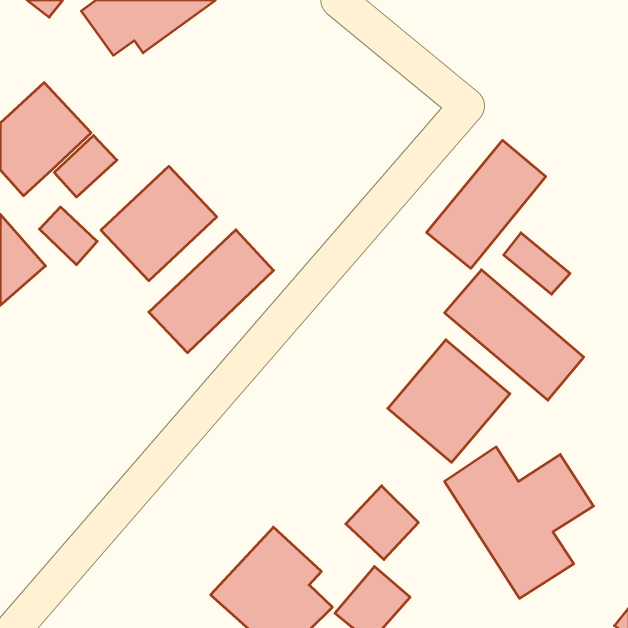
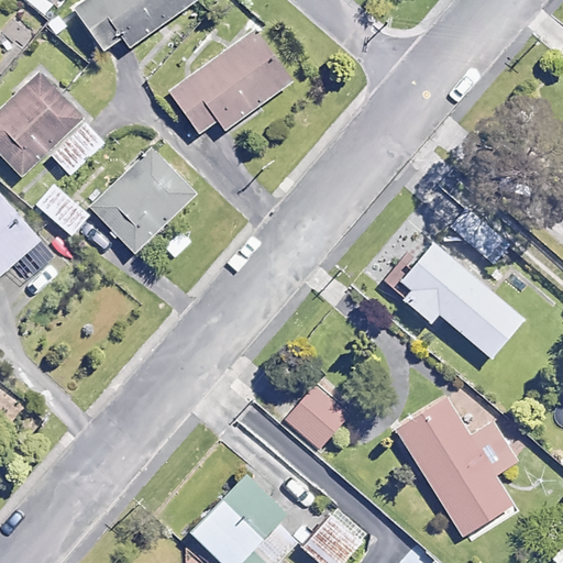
building: none -> [164,26,289,134]
building: [427,140,546,268] -> none
building: [149,230,274,353] -> none
building: [388,340,510,462] -> none
building: [346,486,418,560] -> [283,385,347,451]

